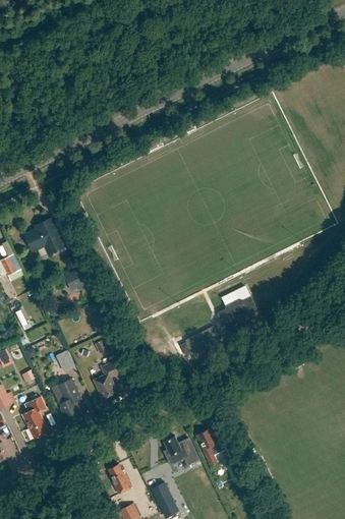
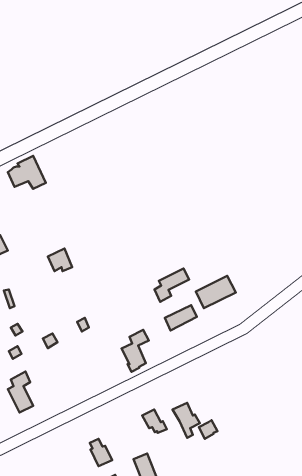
building: [24,218,64,252] -> [8,156,46,189]
building: none -> [154,268,189,302]
building: [93,360,121,404] -> [122,330,149,372]
building: [57,378,81,421] -> none

